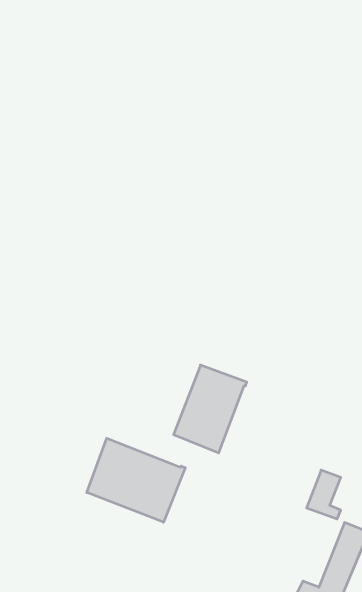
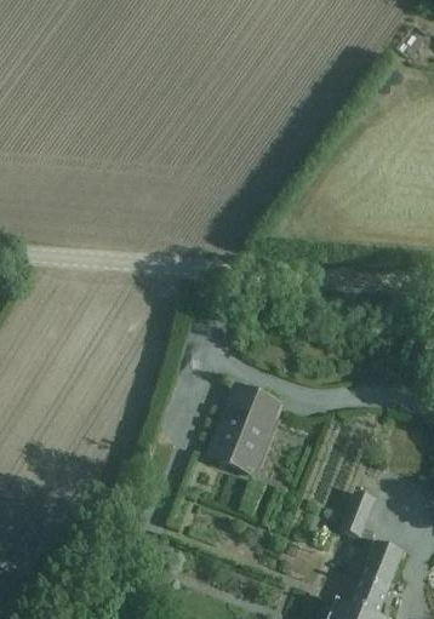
building: [87,438,185,522] -> none

